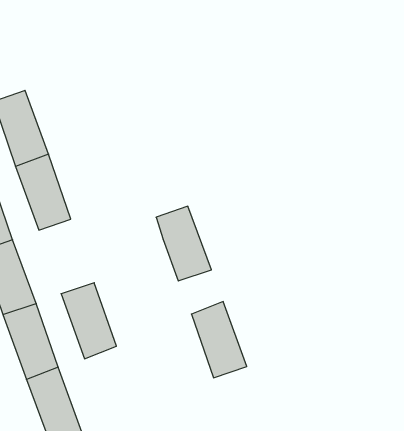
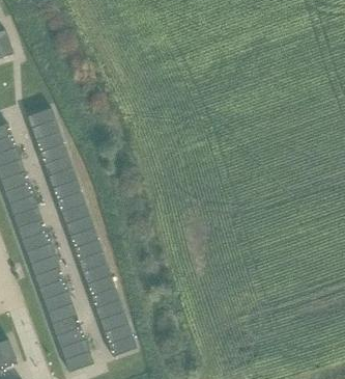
building: [156,206,211,281] -> [61,204,103,260]
building: [191,302,247,378] -> [95,299,137,356]

